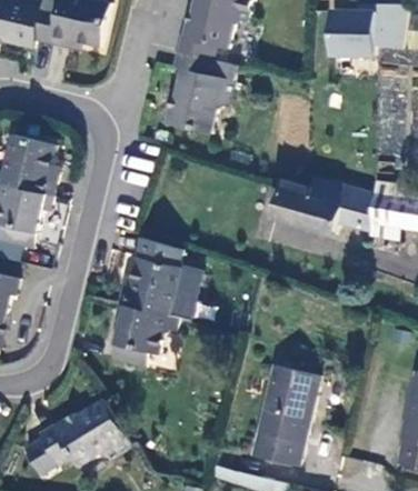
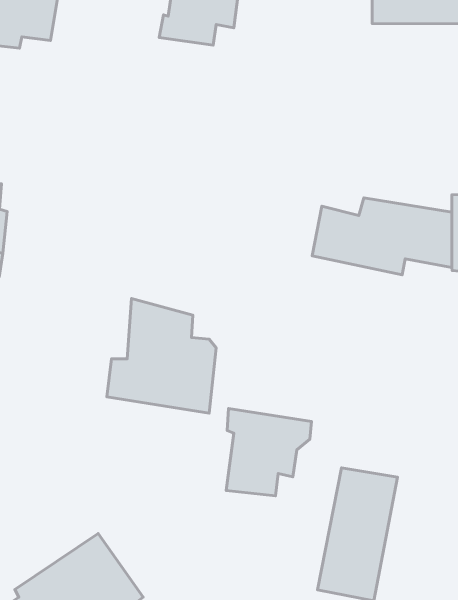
building: [166,51,238,132] -> none
building: [110,301,175,365] -> [226,408,312,496]

